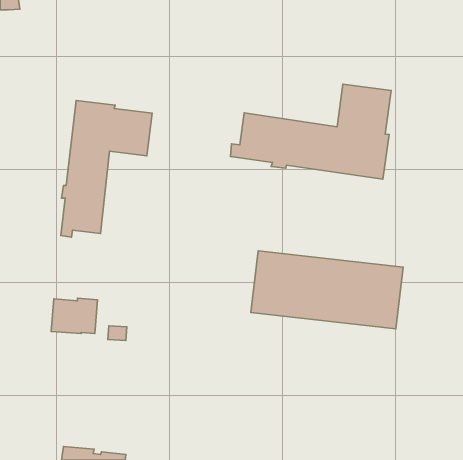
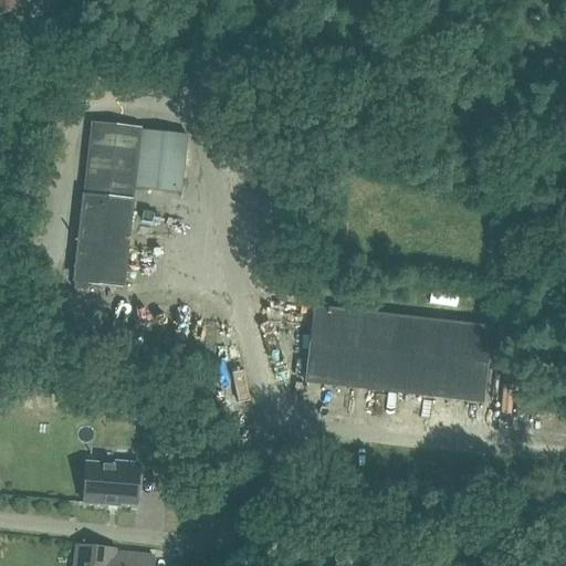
building: [230,84,391,179] -> none
building: [51,298,97,333] -> [83,460,139,503]

